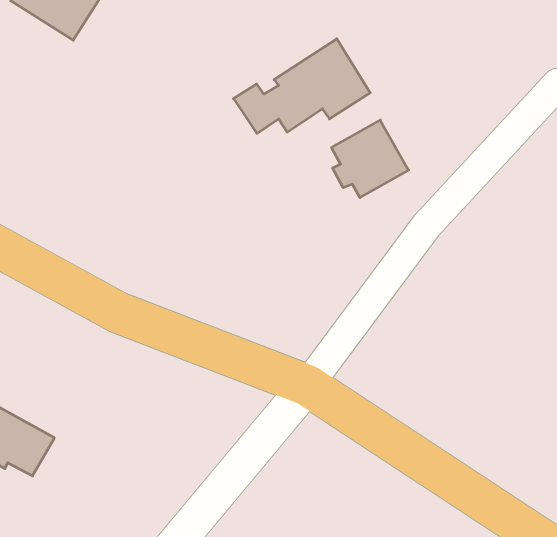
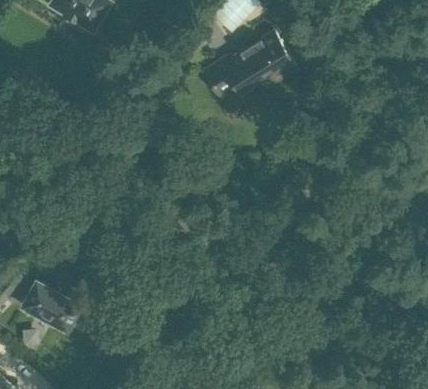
building: [332,120,409,198] -> none

